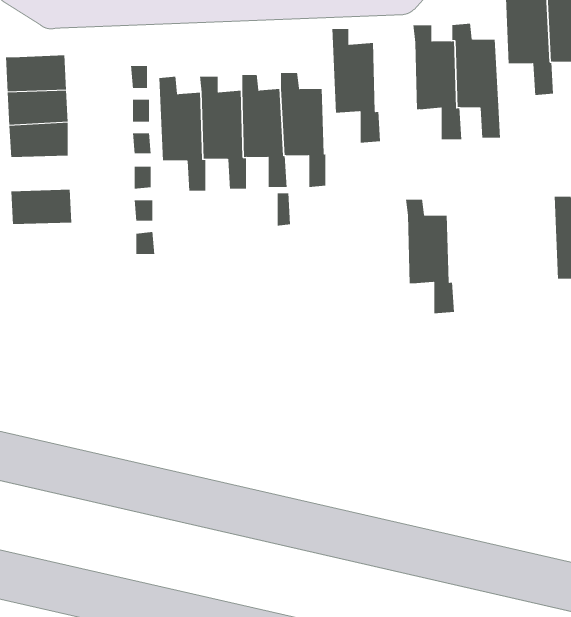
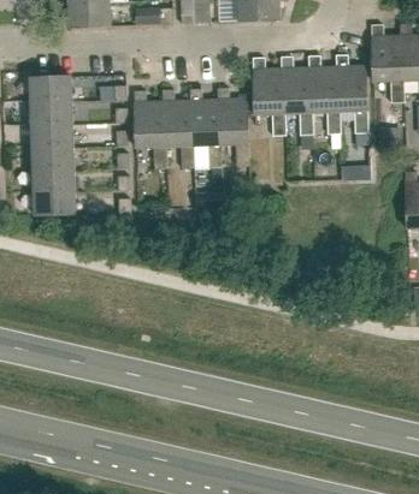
building: none -> [33,144,73,168]
building: [405,199,455,314] -> [279,56,313,135]
building: none -> [34,190,75,215]

